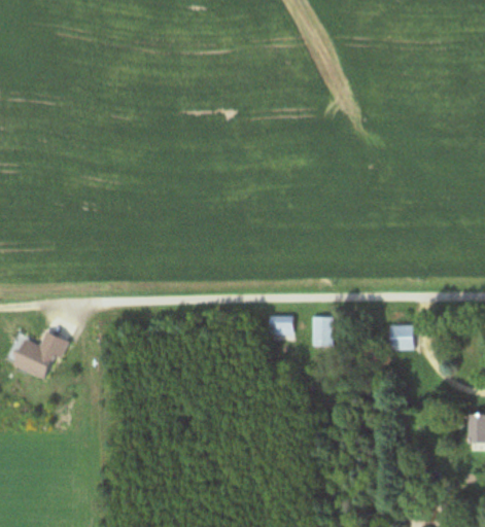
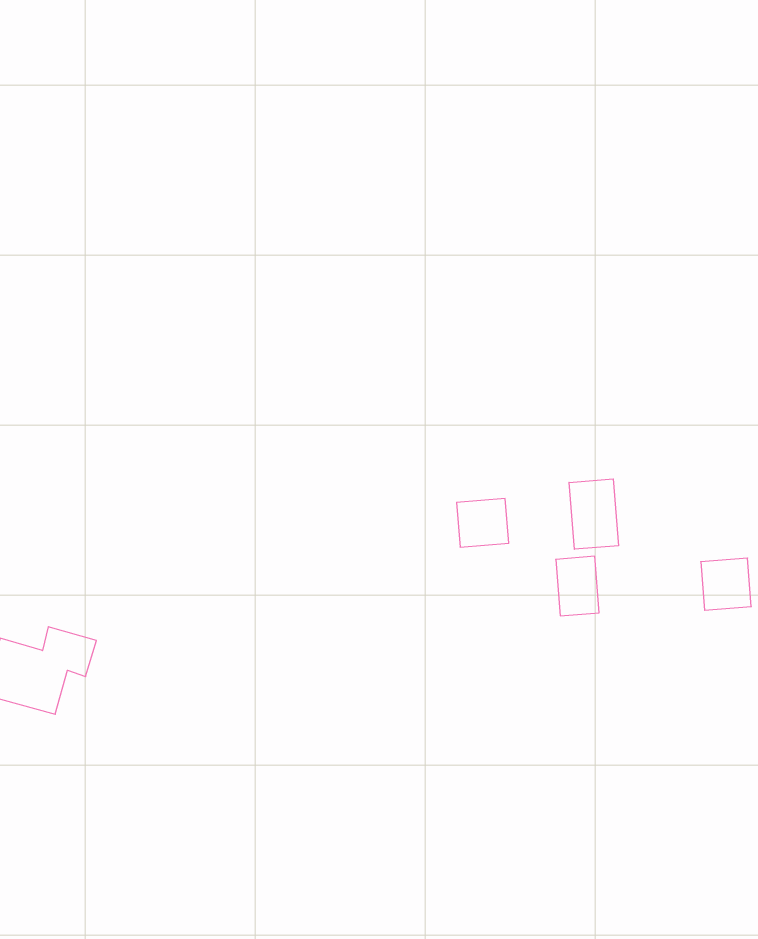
building: none -> [569,479,618,549]
building: [270,316,296,340] -> [457,499,509,547]

